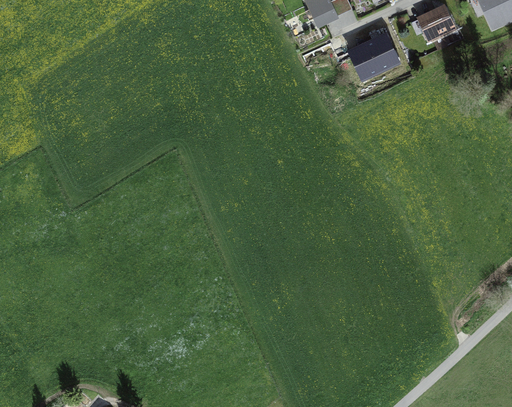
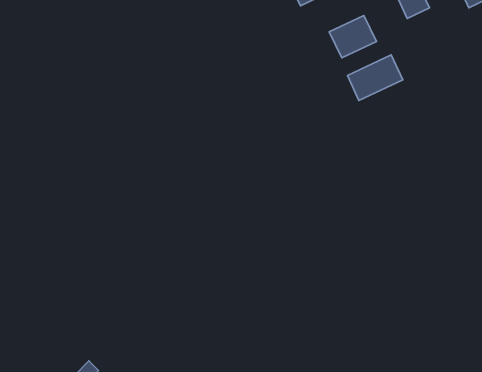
building: none -> [348,55,403,100]

